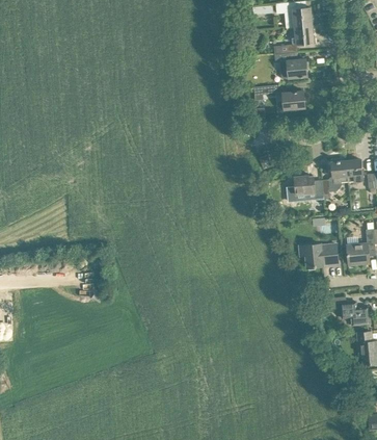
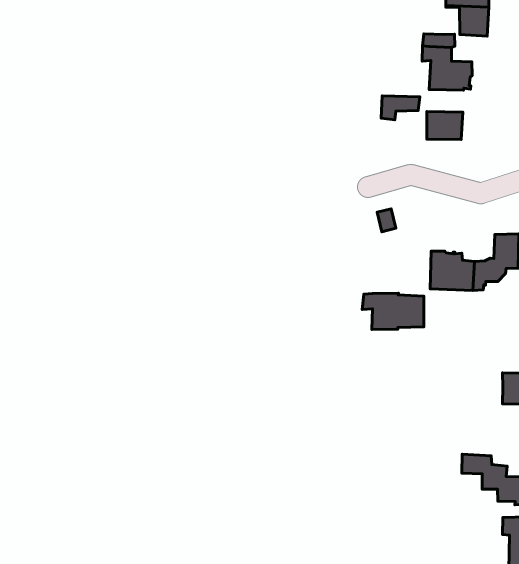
building: [300,243,339,267] -> [362,293,424,330]

